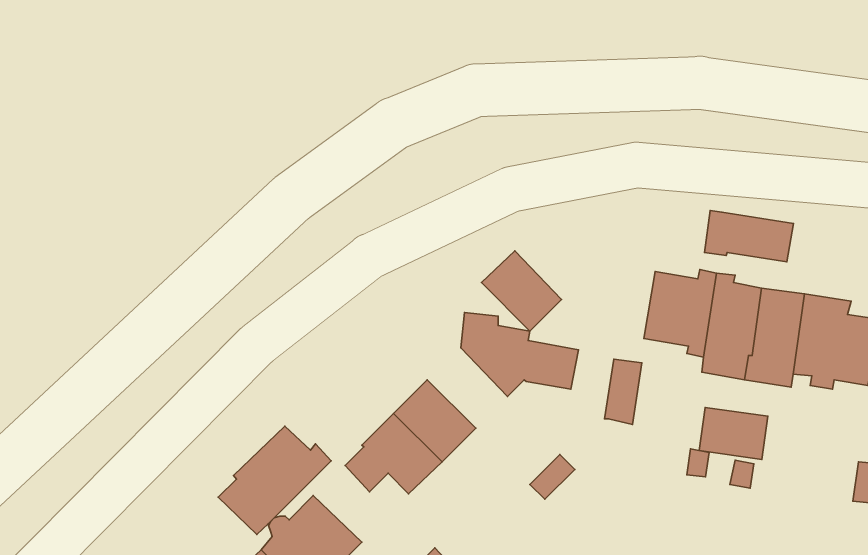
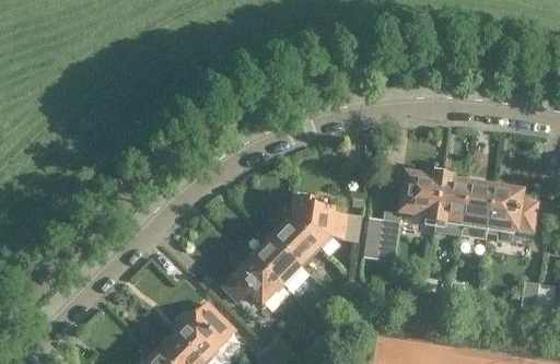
building: [704,210,793,262] -> none
building: [481,251,562,331] -> [272,215,319,262]
building: [699,407,768,460] -> none
building: [218,426,331,535] -> none

